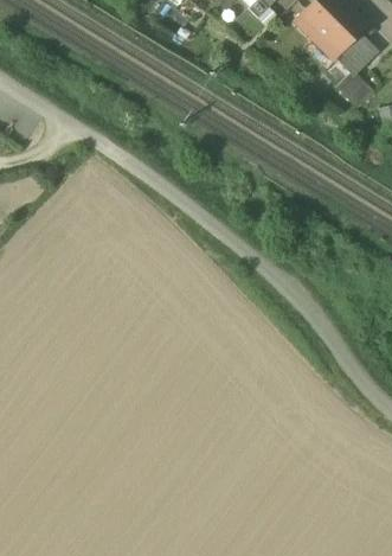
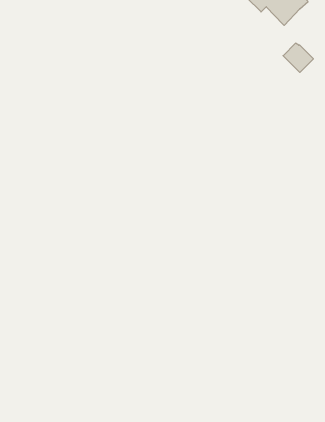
building: [333,32,375,74] -> none

